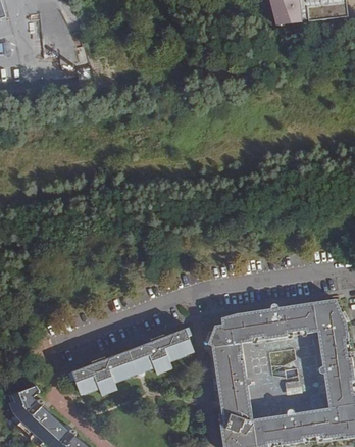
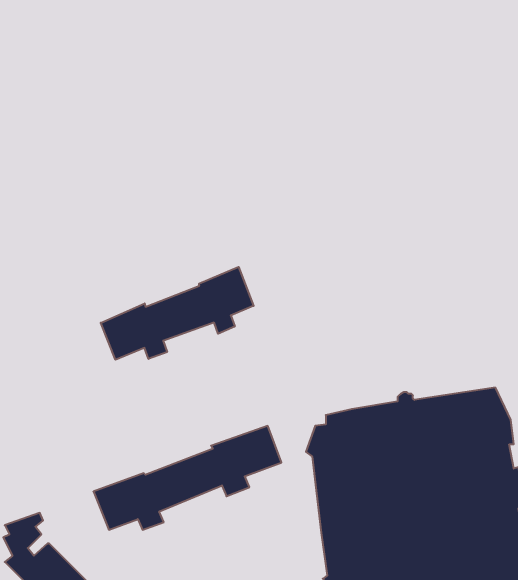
building: none -> [101,267,254,360]

